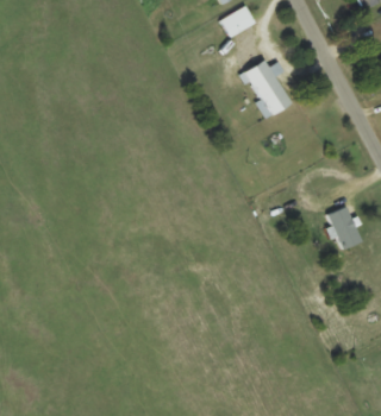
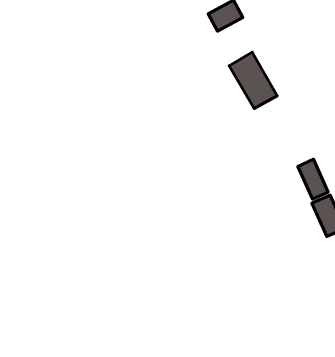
building: none -> [298,159,328,199]

